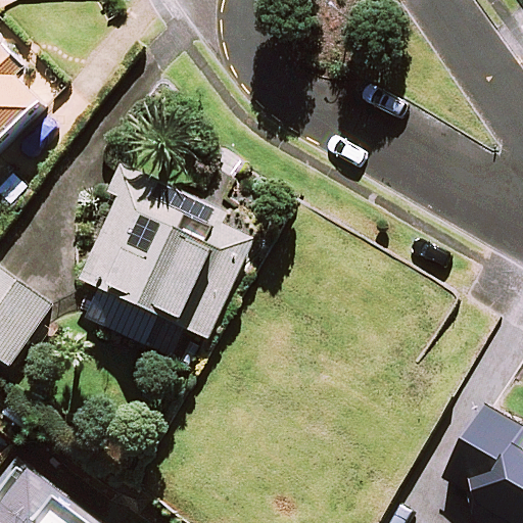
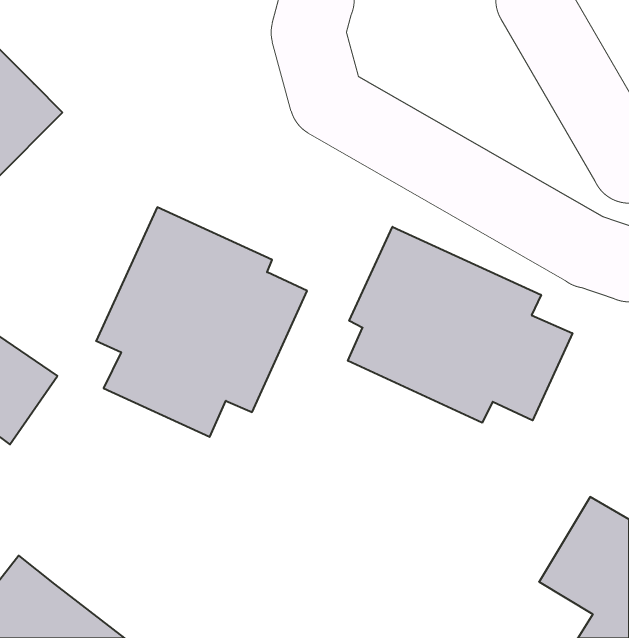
building: none -> [348,227,572,423]

